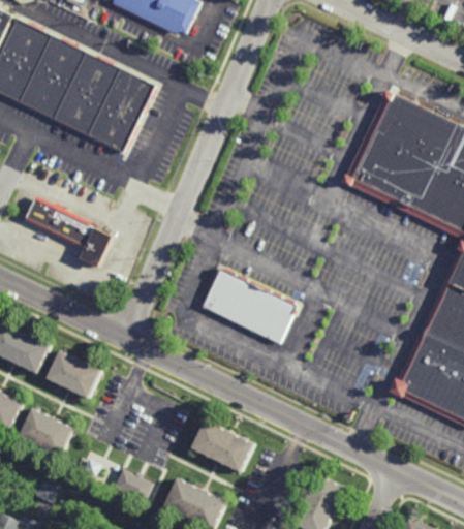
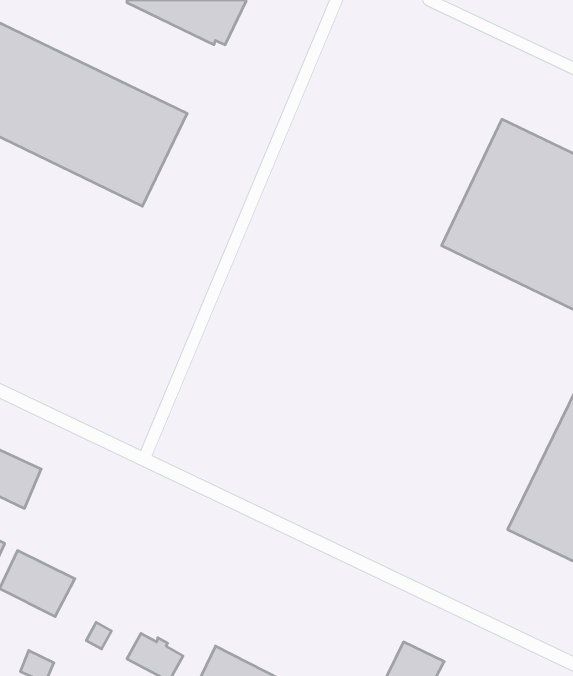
building: [24,197,113,269] -> none
building: [200,271,296,344] -> none
building: [48,351,101,398] -> none
building: [192,419,254,471] -> none

